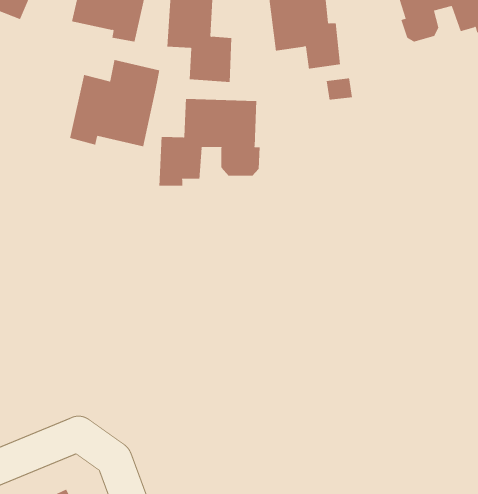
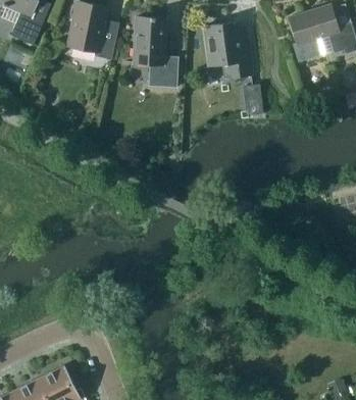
building: [70,59,160,147] -> none
building: [159,98,260,186] -> none

